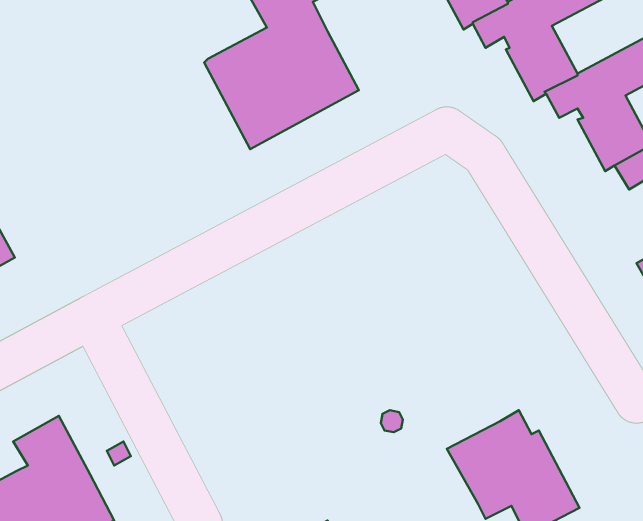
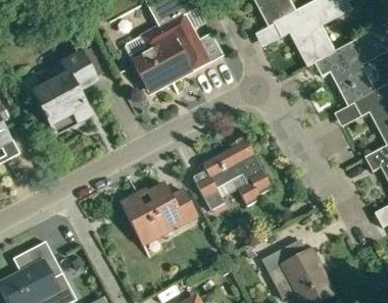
building: none -> [33,50,97,127]
building: none -> [196,134,271,208]
building: none -> [119,181,196,244]

